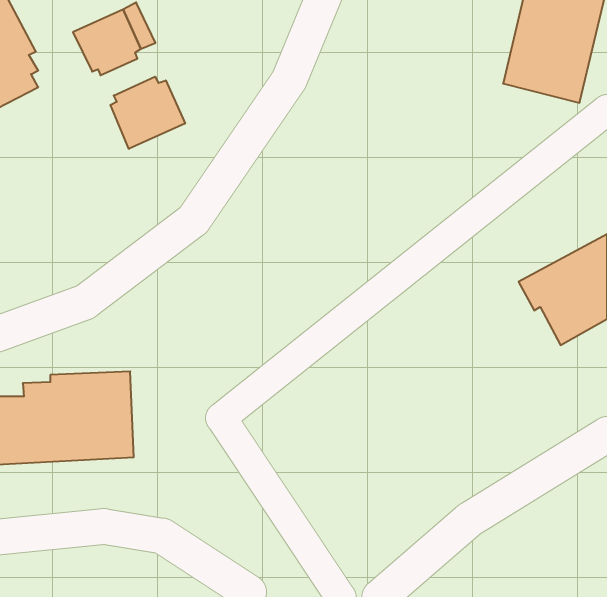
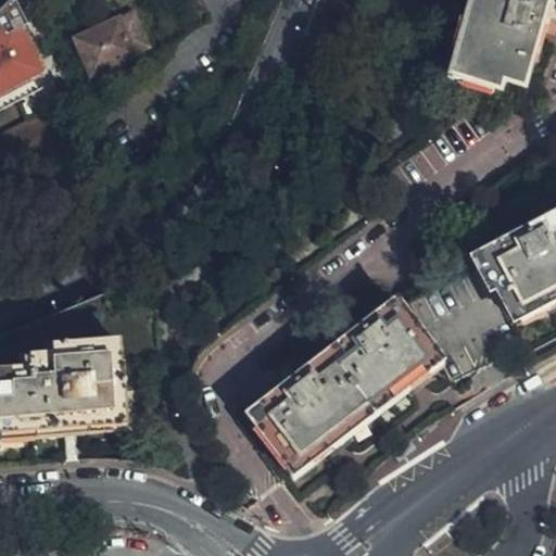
building: [110,77,185,149] -> none
building: none -> [249,298,437,464]

